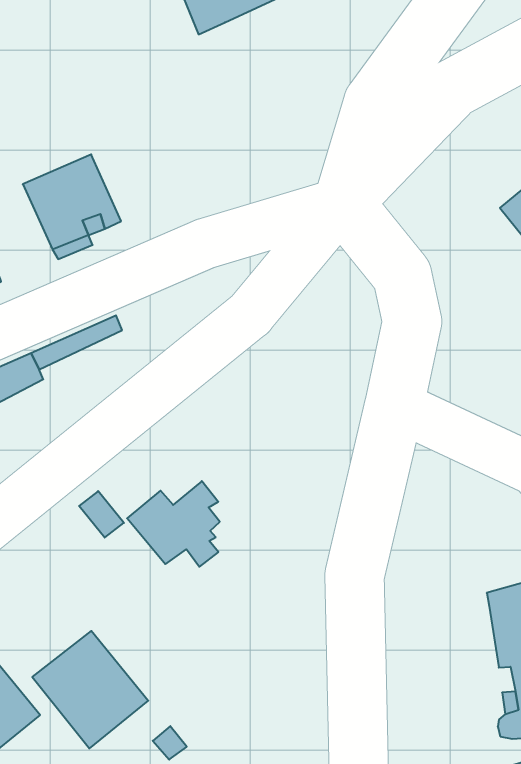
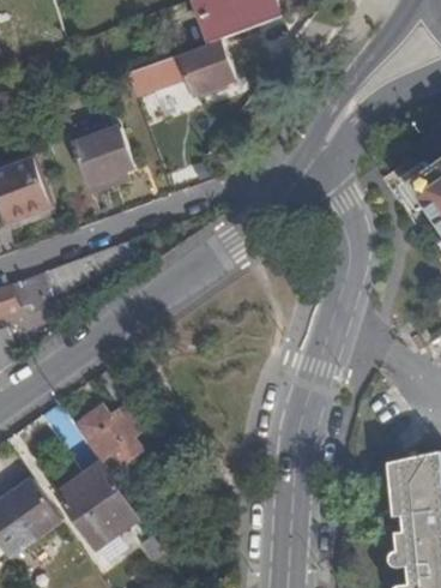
building: none -> [183,36,243,91]
building: none -> [128,59,177,97]
building: [127,481,220,567] -> [74,403,140,464]

